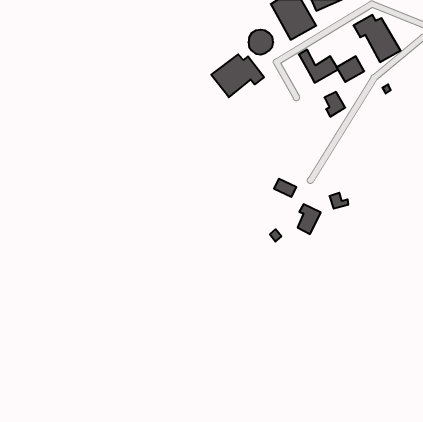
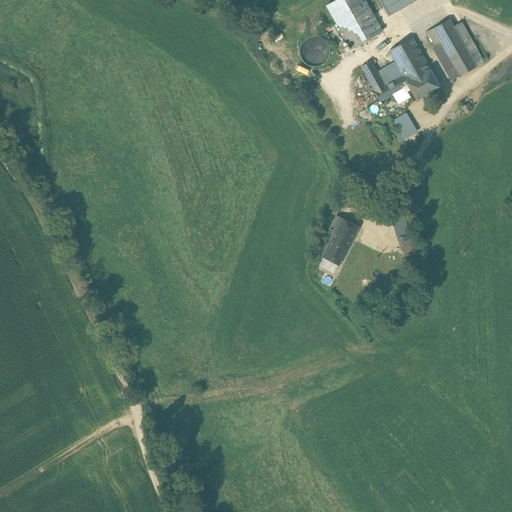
building: none -> [389,37,430,81]
building: [211,54,264,97] -> none
building: [298,204,321,234] -> [324,228,352,264]

